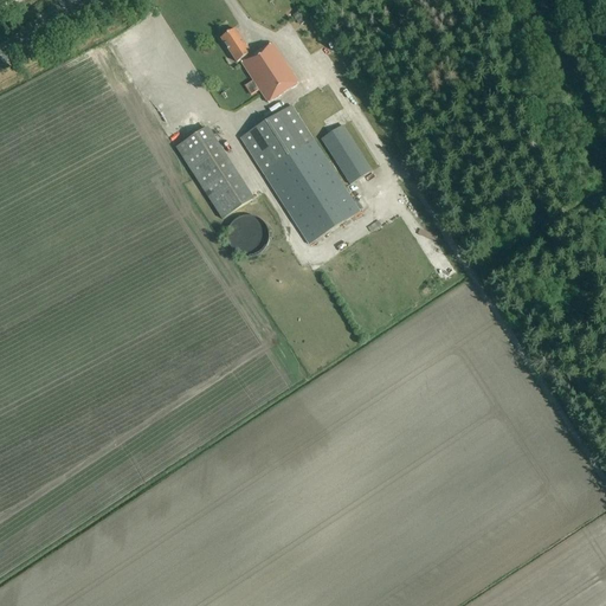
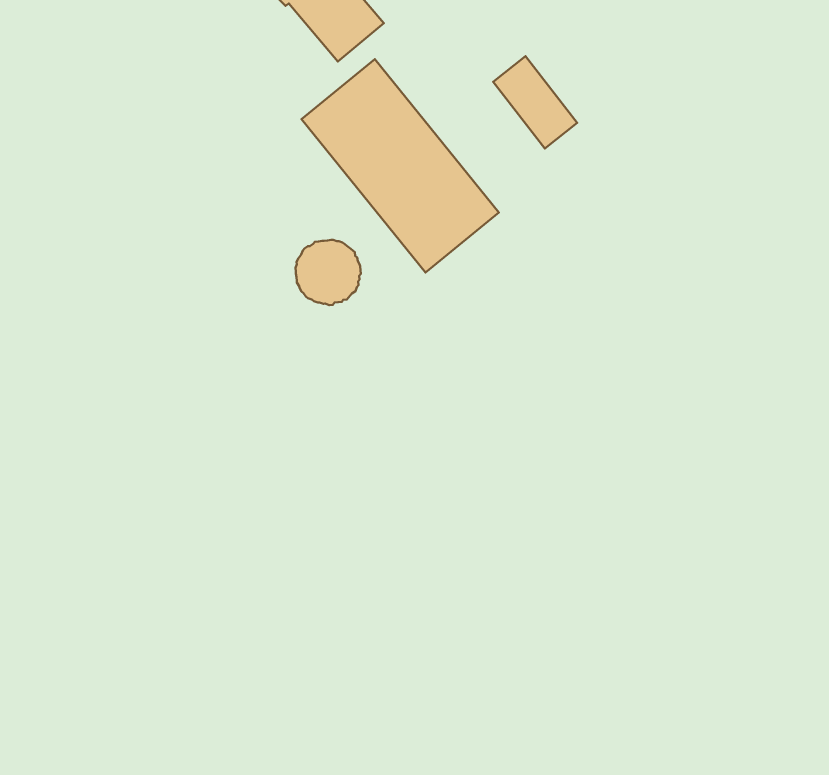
building: [321,123,372,183] -> [493,56,577,149]
building: [175,128,251,218] -> none

